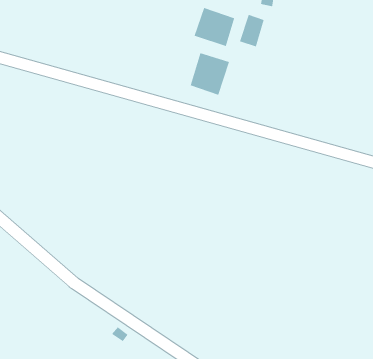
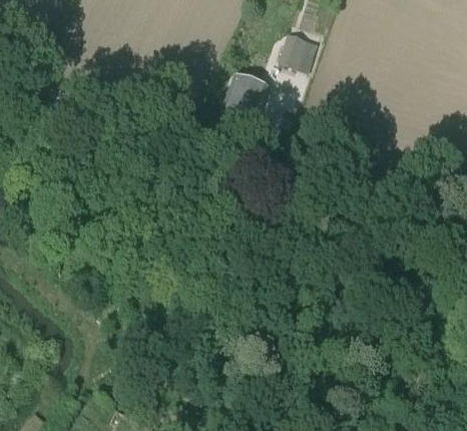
building: [194,7,235,47] -> none

